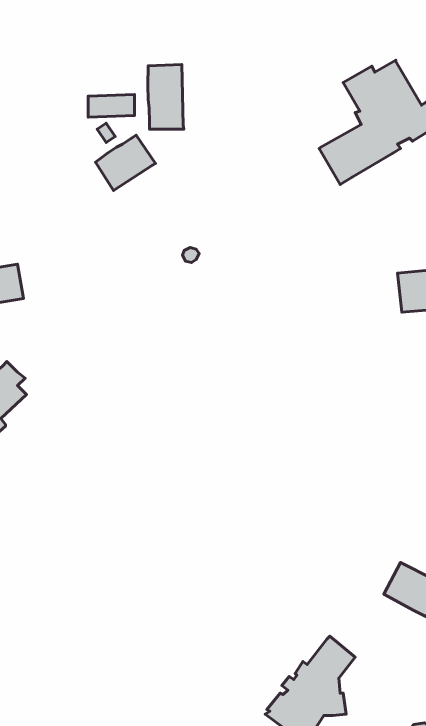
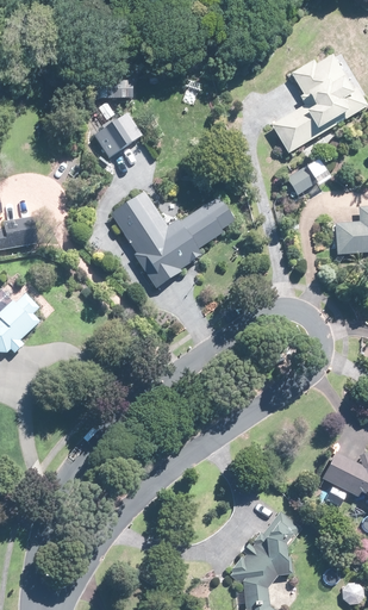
building: [148,65,184,129] -> none
building: none -> [286,158,325,194]
building: none -> [111,191,235,288]

